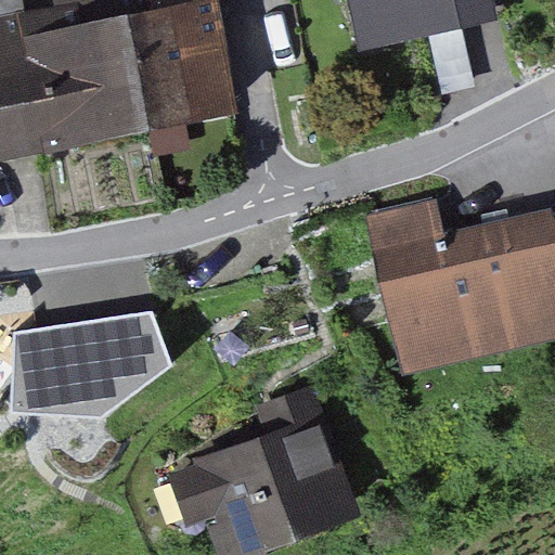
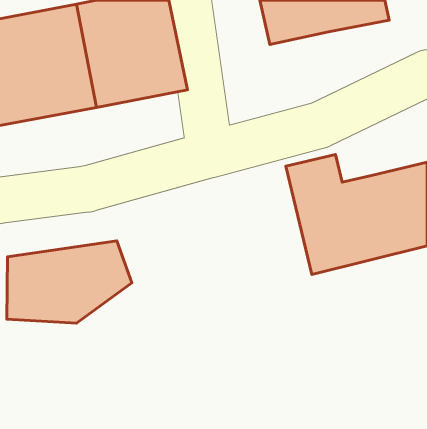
building: [170,388,351,545] -> none

